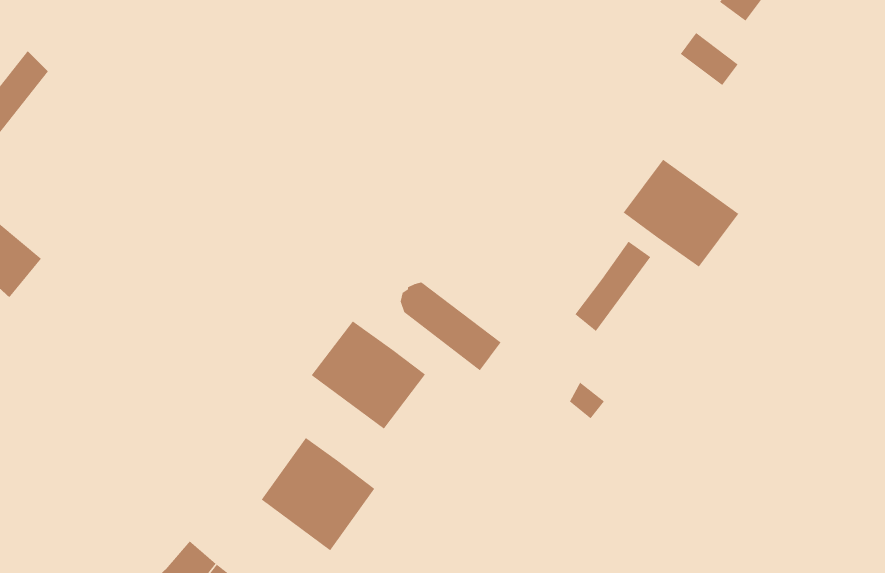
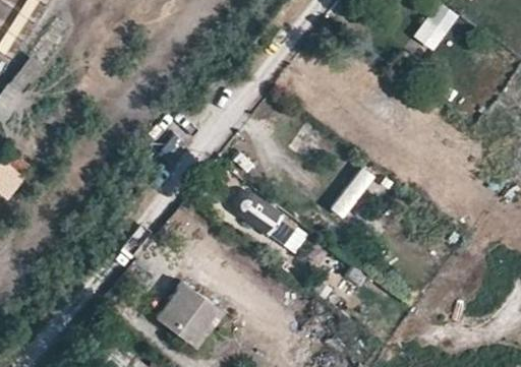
building: [623,159,739,268] -> none
building: [311,320,426,429] -> none

